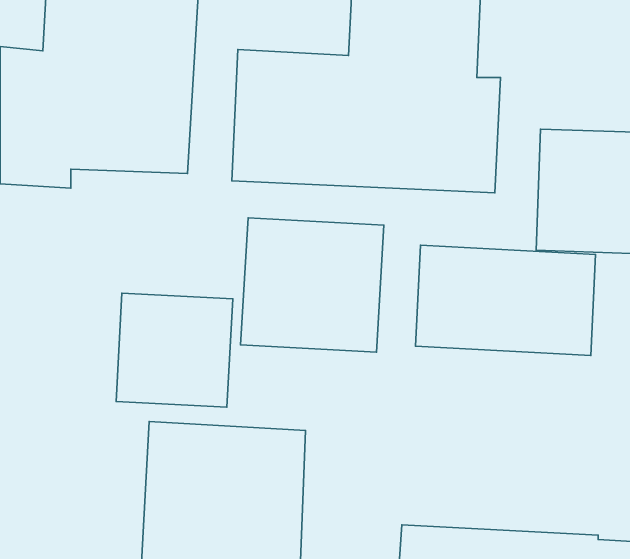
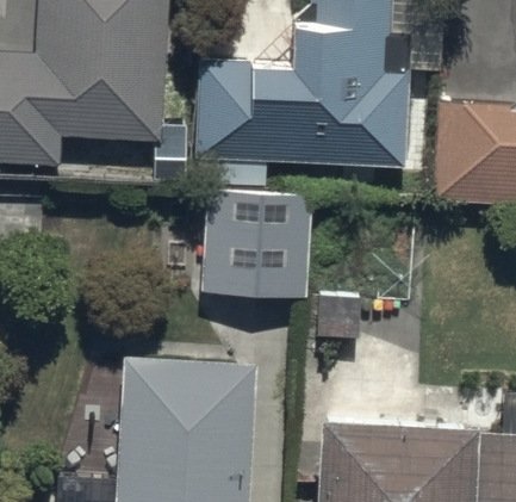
building: [416,245,596,356] -> none
building: [116,293,233,407] -> none

